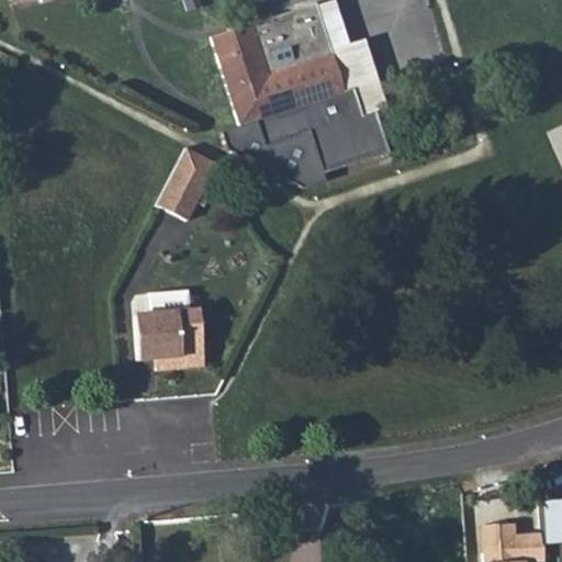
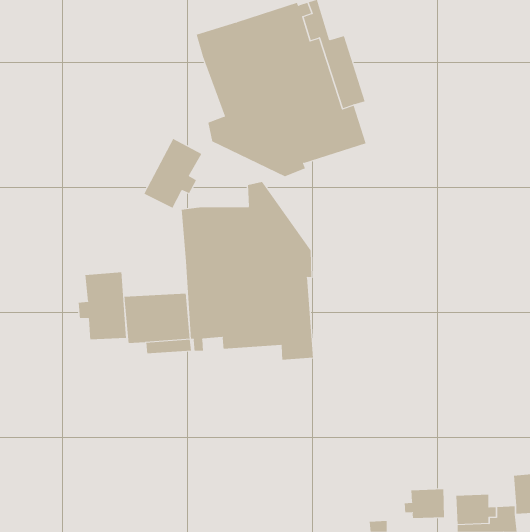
building: none -> [181,181,313,360]
building: none -> [78,272,127,340]
building: none -> [404,489,445,519]

